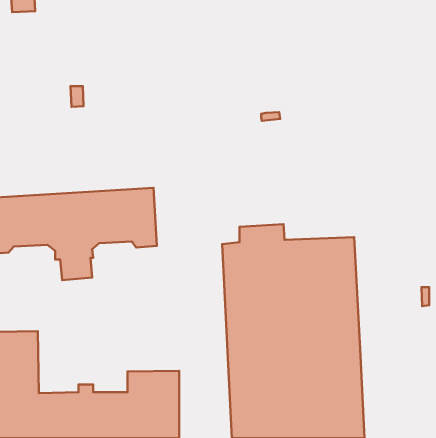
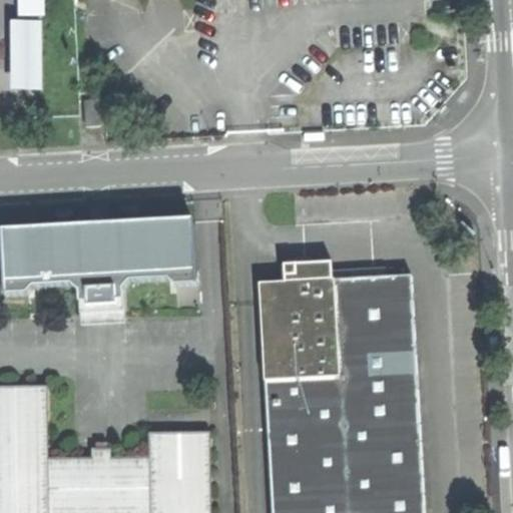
building: none -> [6,20,39,91]

